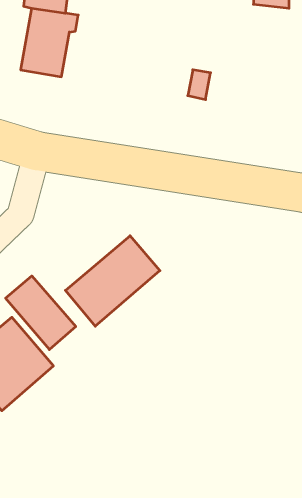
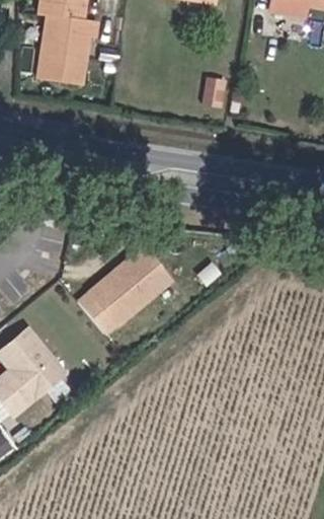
building: [6,276,76,350] -> none

